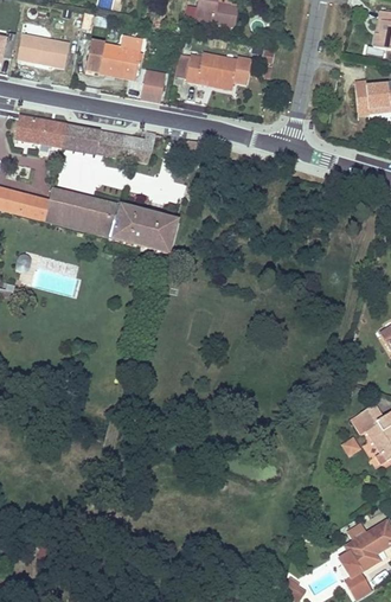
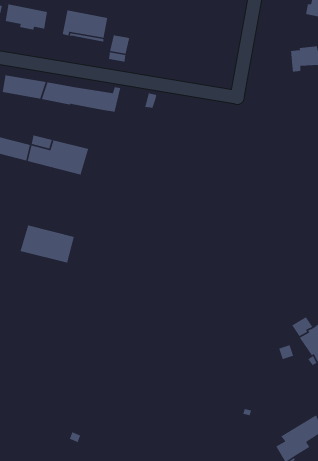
building: [186,52,251,84] -> none
building: [111,206,177,252] -> [20,225,75,264]

